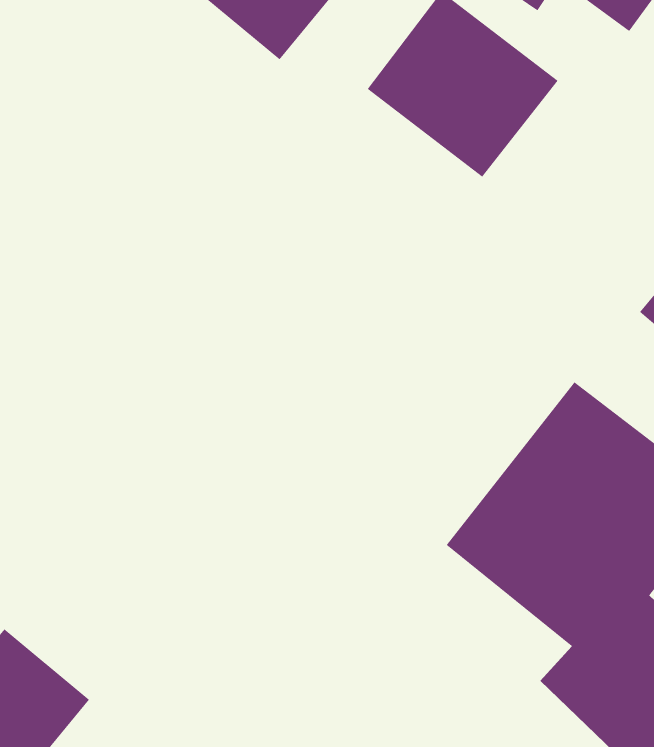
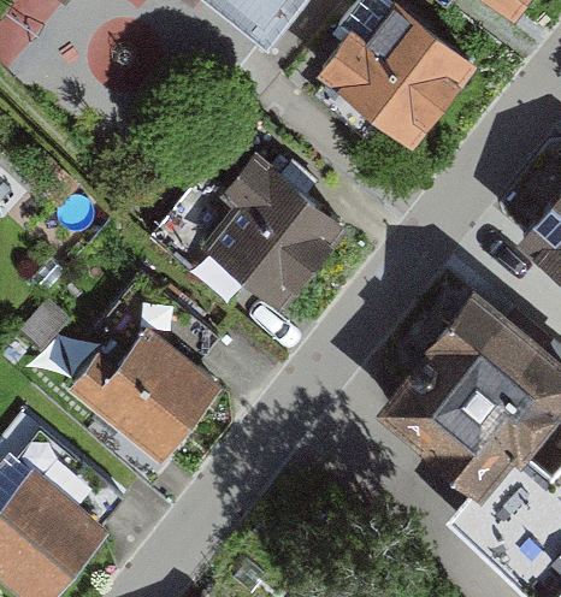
building: none -> [159,156,346,303]
building: none -> [81,333,229,465]

